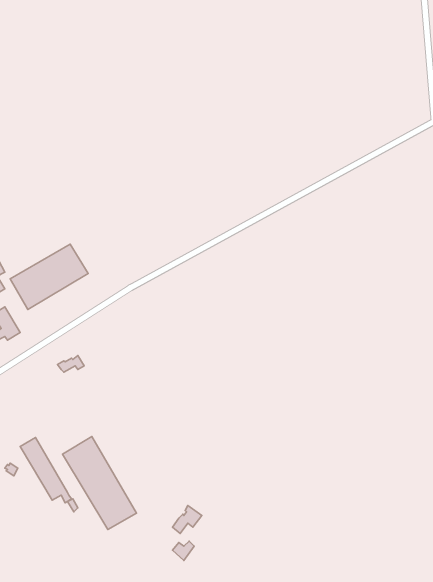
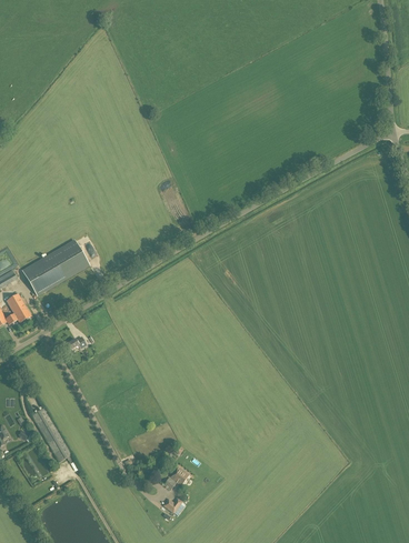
building: [63,437,137,529] -> none

